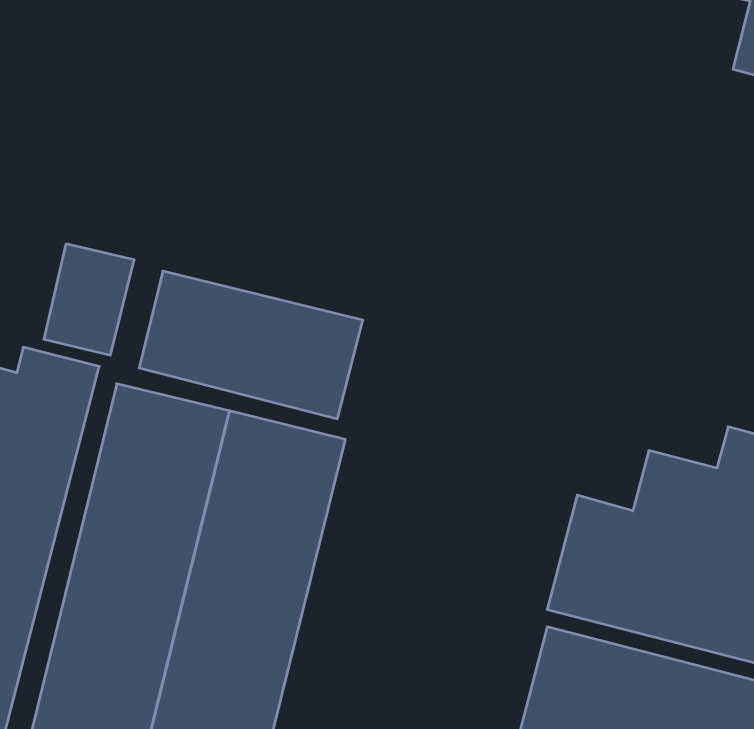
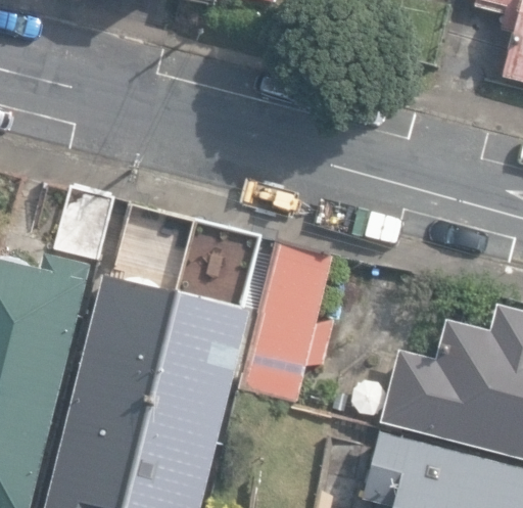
building: none -> [239,239,334,402]

